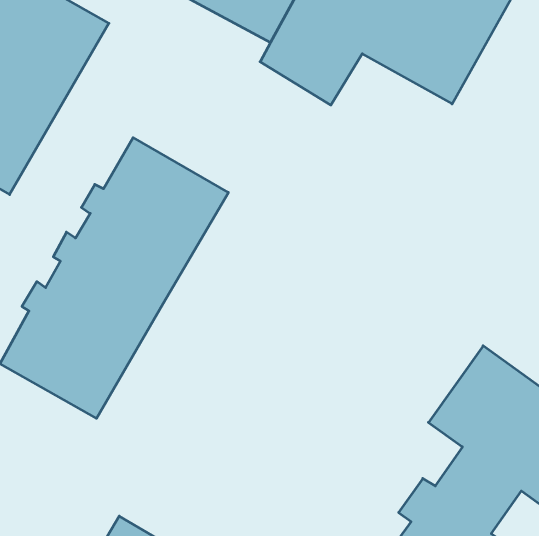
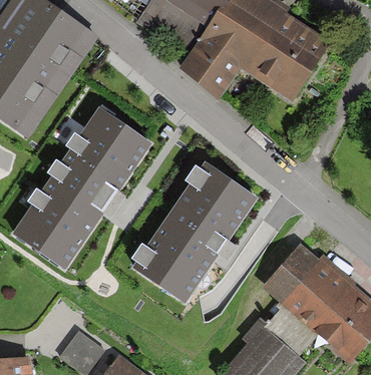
building: none -> [136,165,258,304]

